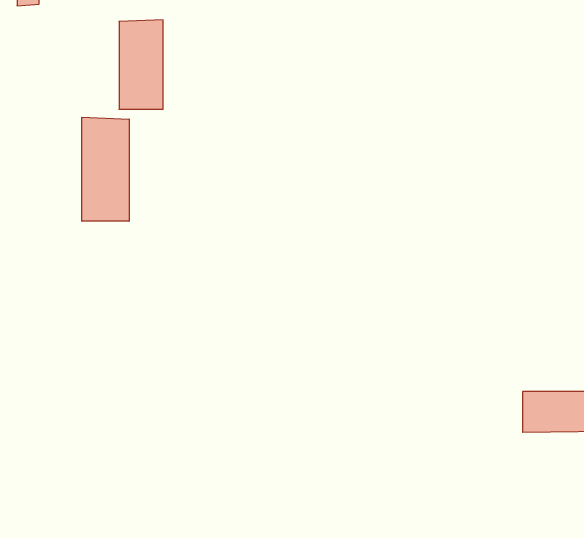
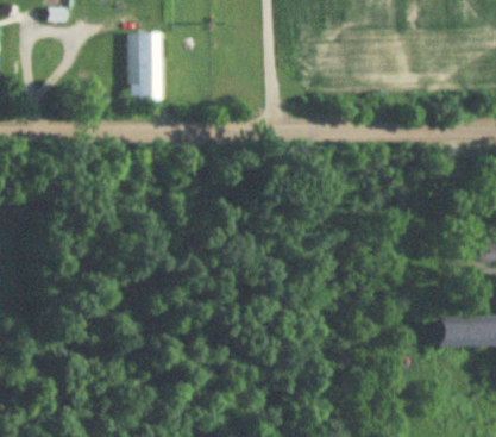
building: [82,117,129,221] -> none

